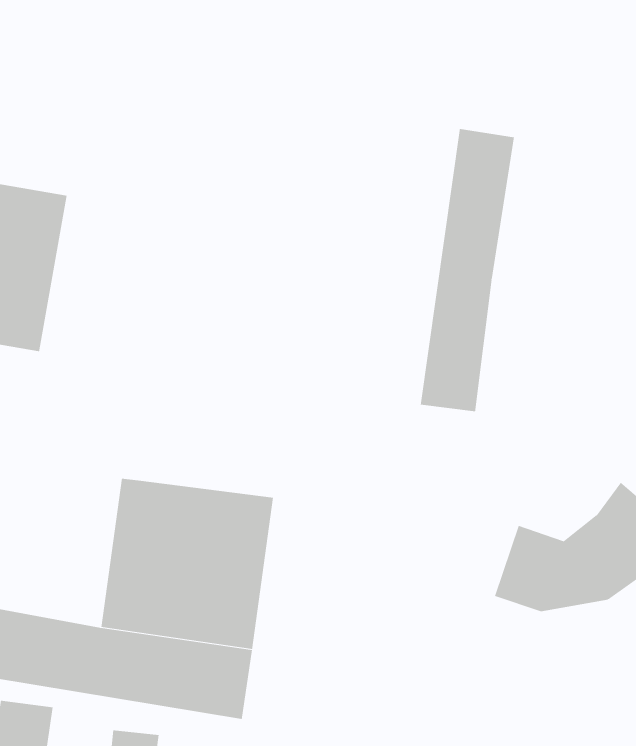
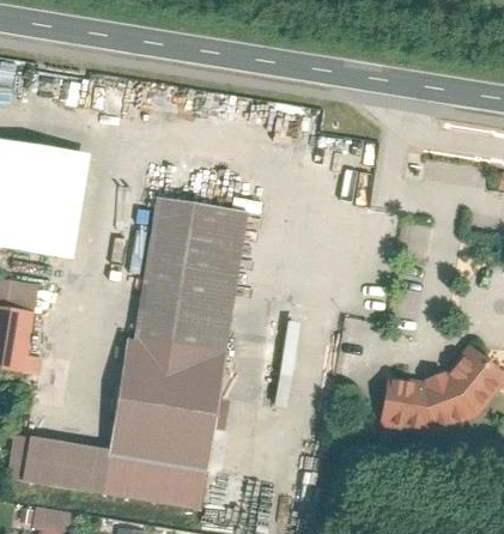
building: [420,128,514,412] -> none
building: none -> [134,194,249,358]

